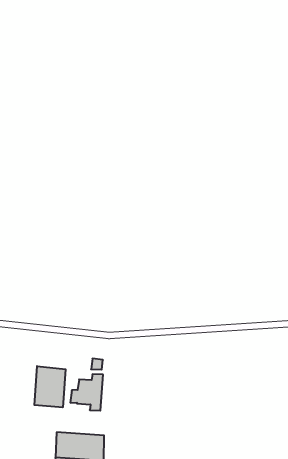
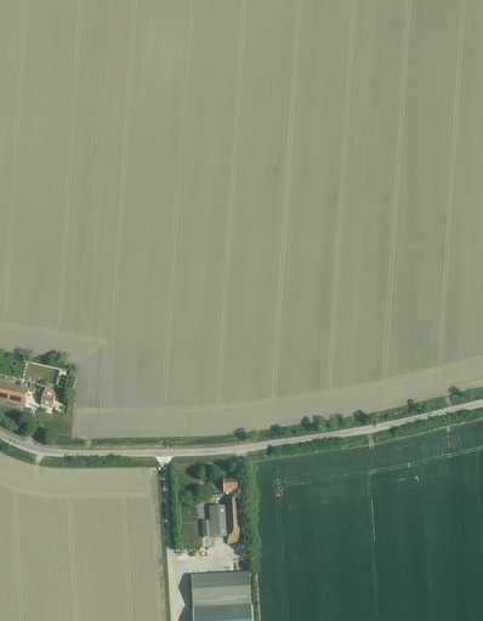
building: [34,366,66,407] -> none

